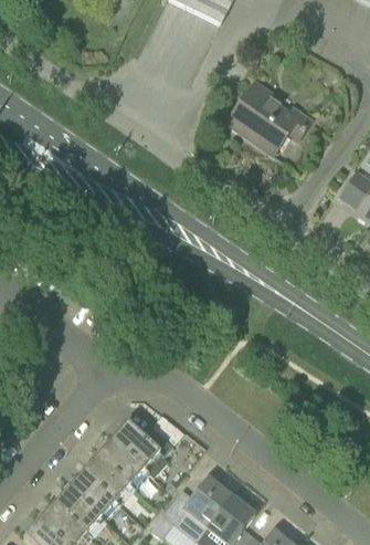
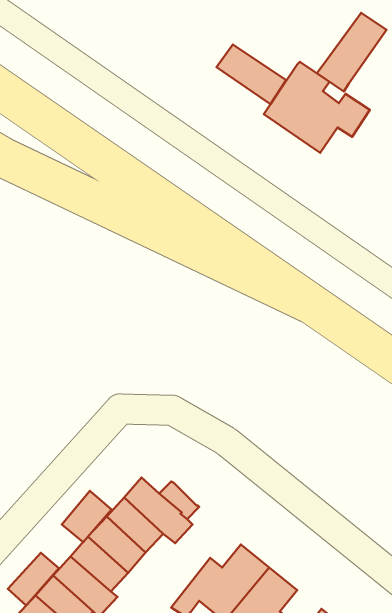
building: none -> [317,13,386,91]
building: none -> [217,44,286,104]
building: none -> [62,491,111,542]
building: none -> [8,553,59,605]

